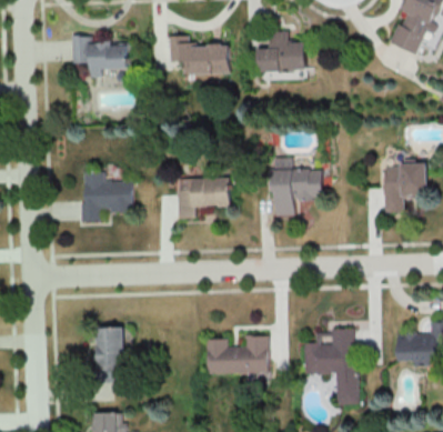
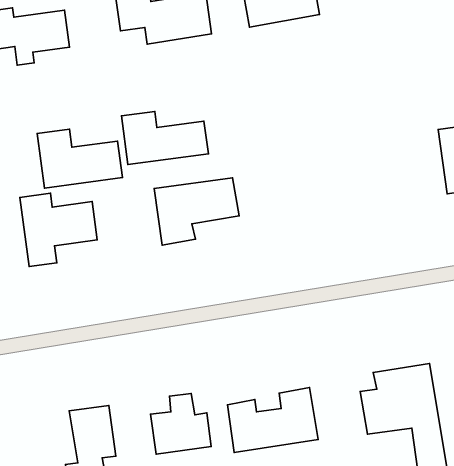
building: none -> [121,111,208,165]
building: none -> [37,129,122,188]
building: [274,169,324,215] -> none
building: none -> [151,394,211,454]

